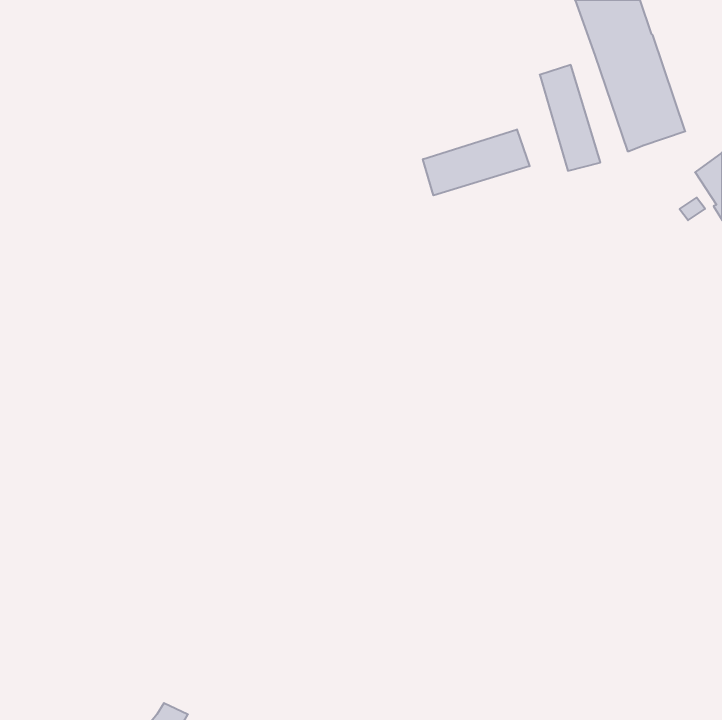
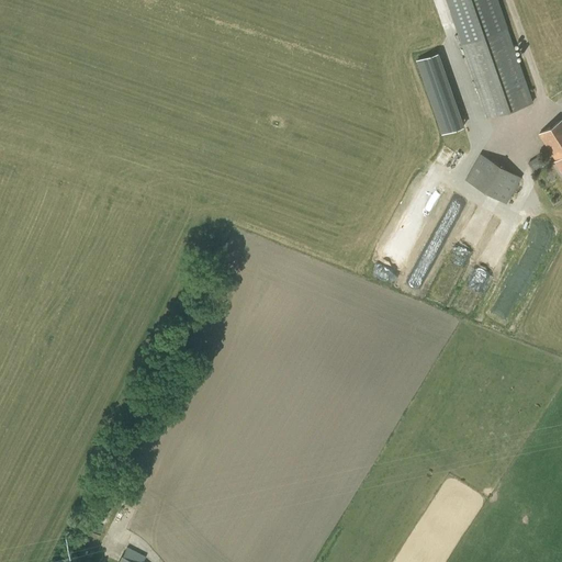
building: [423,129,530,195] -> none
building: none -> [465,154,521,204]

